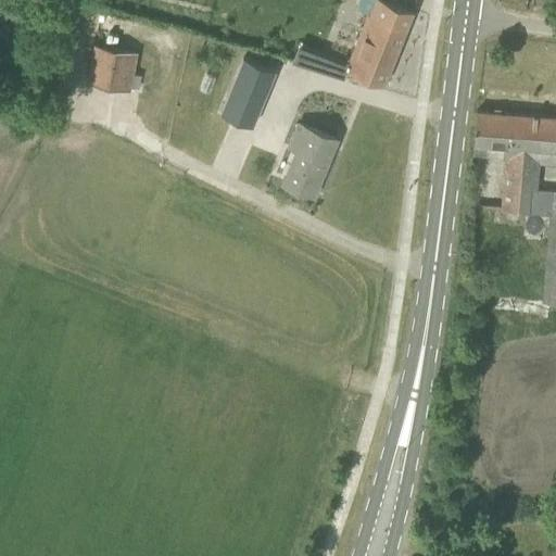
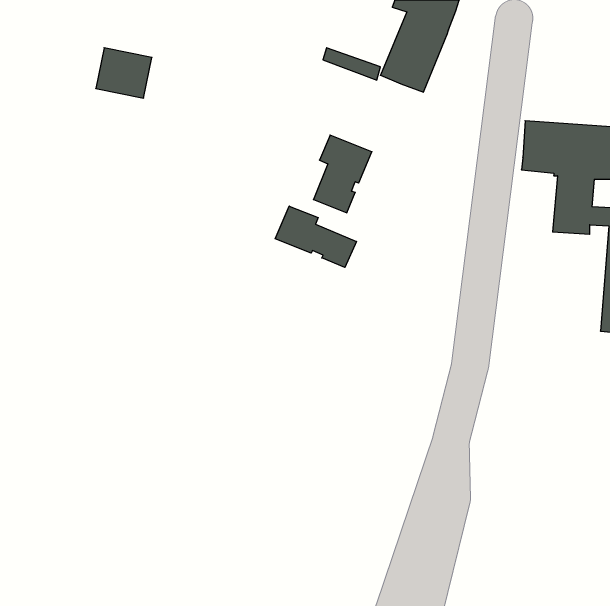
building: [222,60,278,129] -> none
building: none -> [275,206,356,267]

